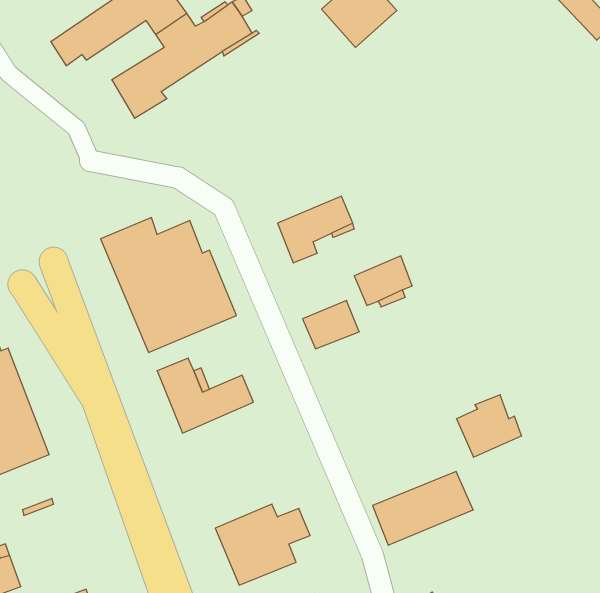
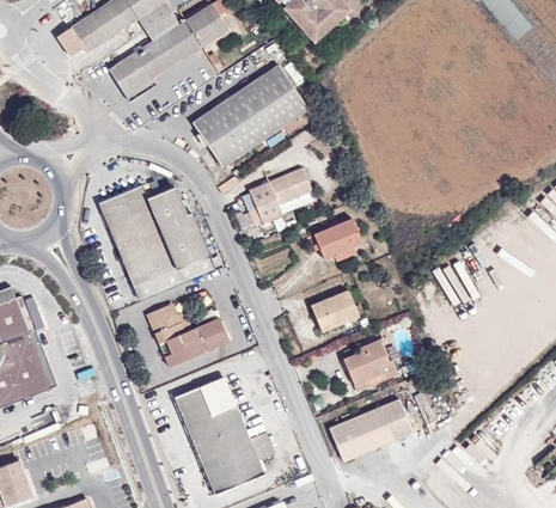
building: none -> [191,65,306,167]
building: [303,300,359,349] -> [310,290,358,331]
building: [456,395,522,457] -> [342,339,397,392]
building: none -> [173,377,243,447]

